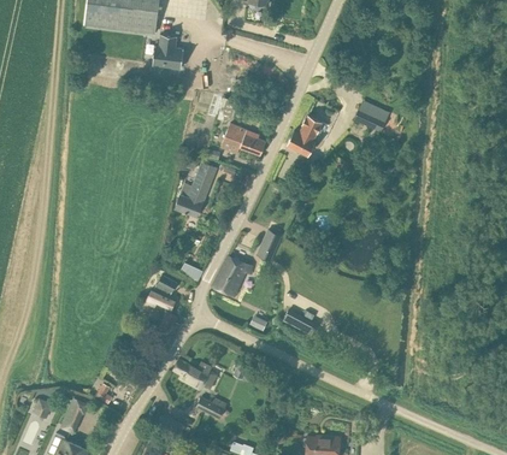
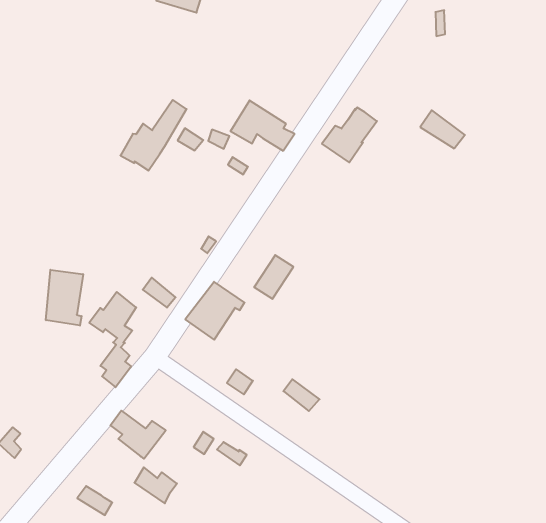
building: [175,164,216,217] -> [120,100,187,171]
building: none -> [46,270,83,326]

